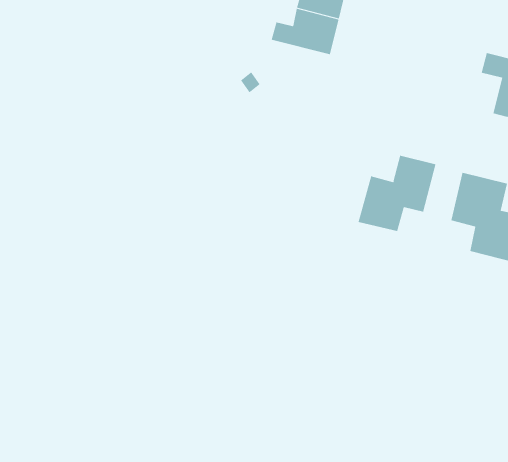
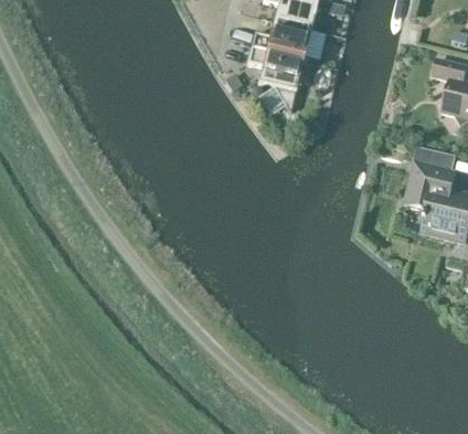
building: none -> [246,45,301,110]
building: [358,155,436,232] -> none

